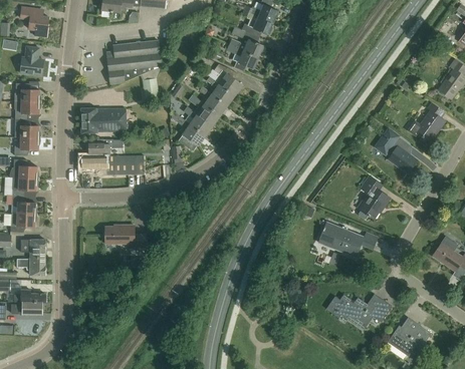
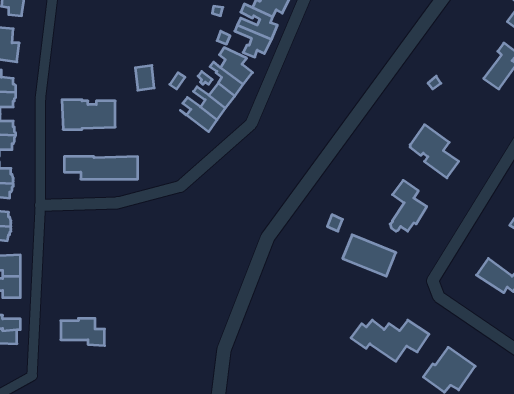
building: [106,40,162,82] -> none
building: [408,103,445,140] -> none
building: [172,110,205,146] -> none
building: [88,138,122,153] -> none
building: [105,225,143,248] -> [61,318,105,346]

